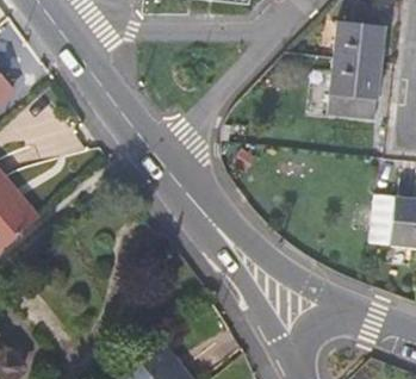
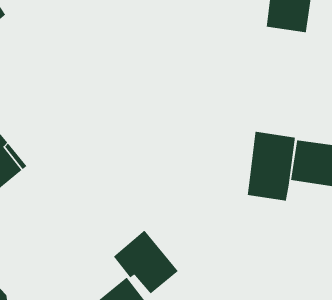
building: [316,50,373,132] -> [247,131,296,202]
building: none -> [113,229,179,295]

